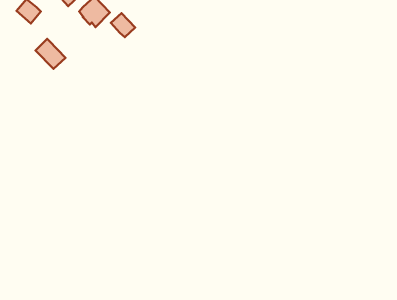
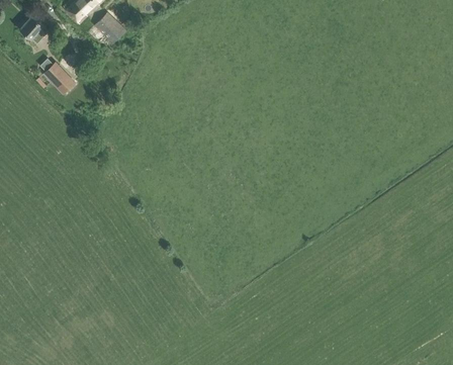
building: [111,13,135,37] -> none

